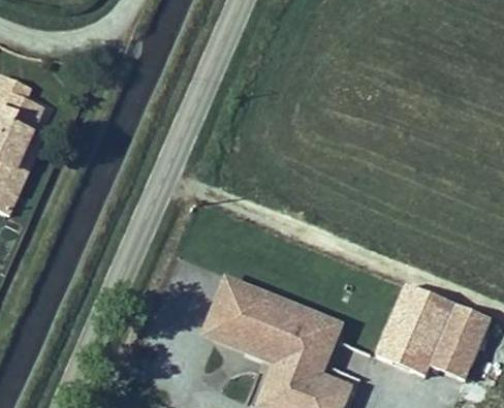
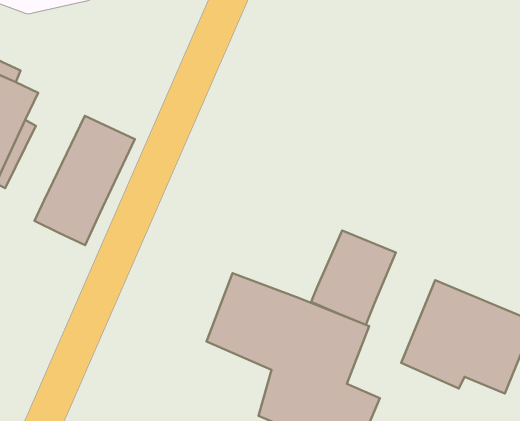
building: none -> [34,116,135,245]
building: none -> [311,231,396,325]

